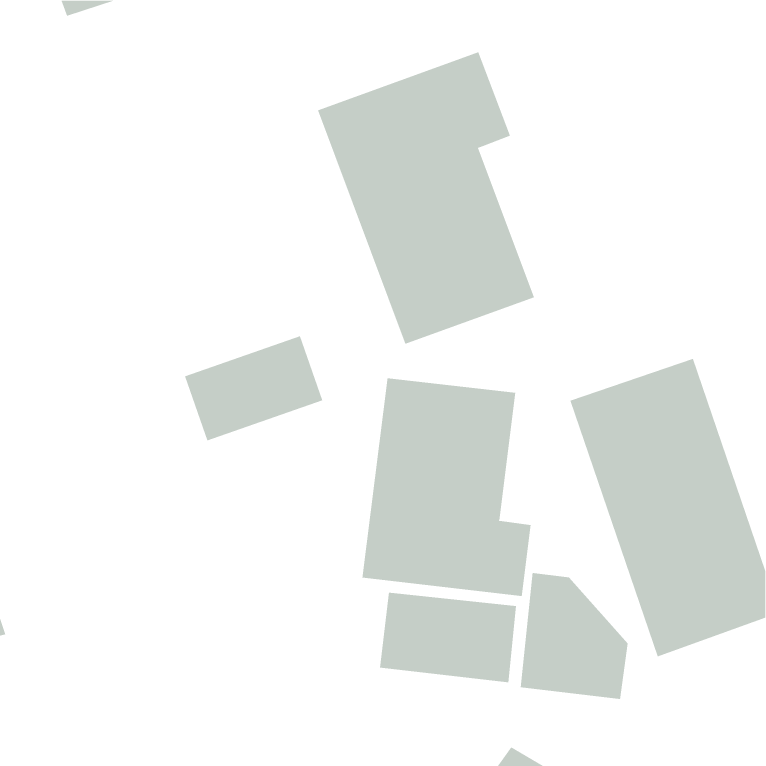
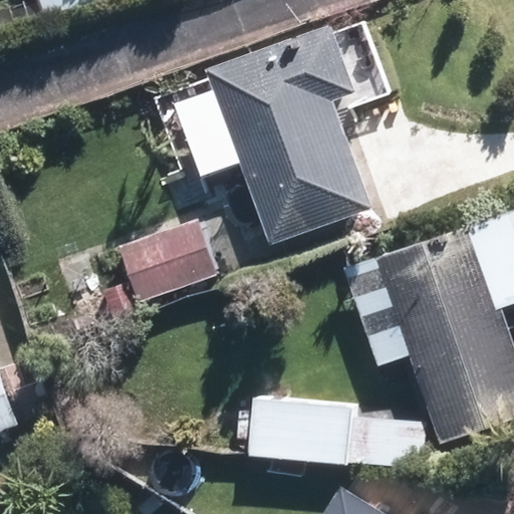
building: [362,377,531,597] -> none

